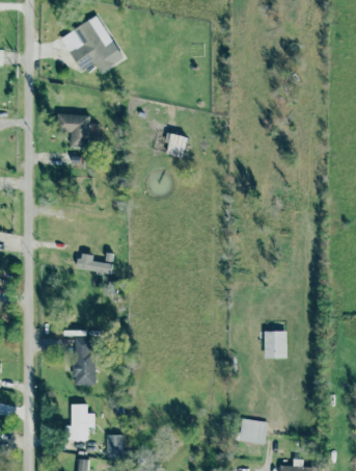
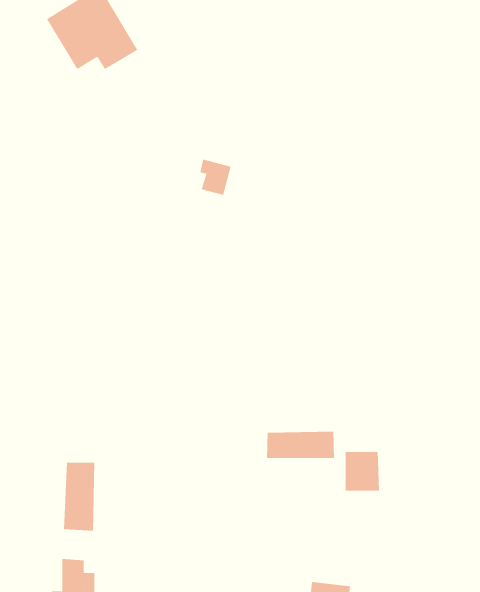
building: [57,113,88,146] -> none
building: [77,253,111,272] -> none
building: none -> [267,431,335,459]

